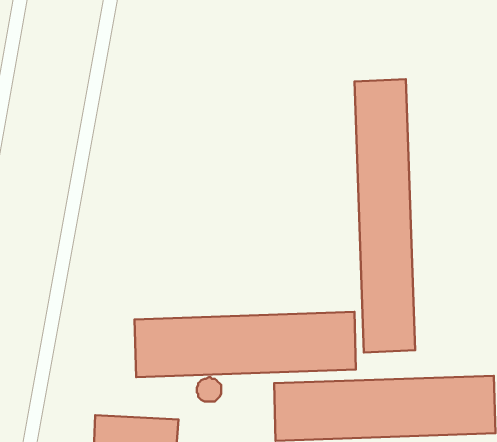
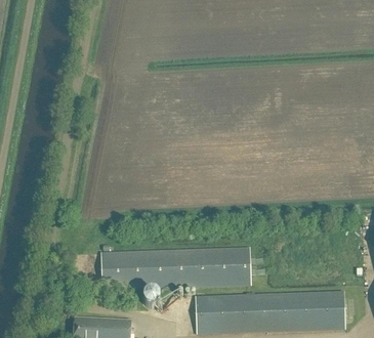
building: [355,79,415,353] -> none

